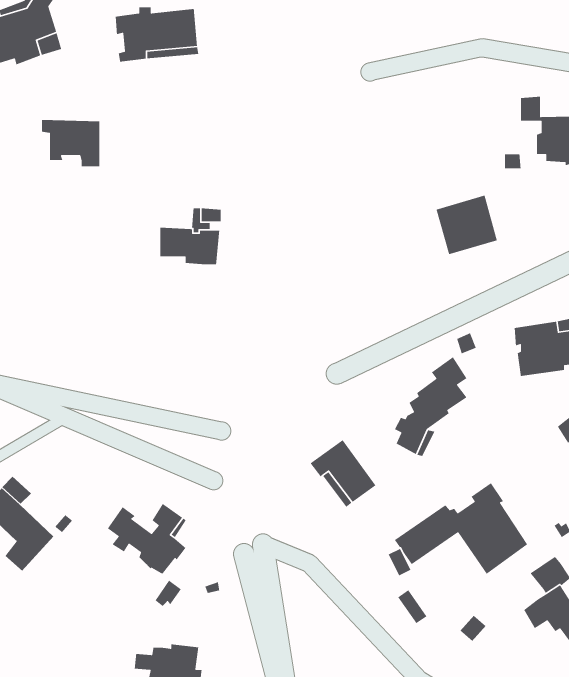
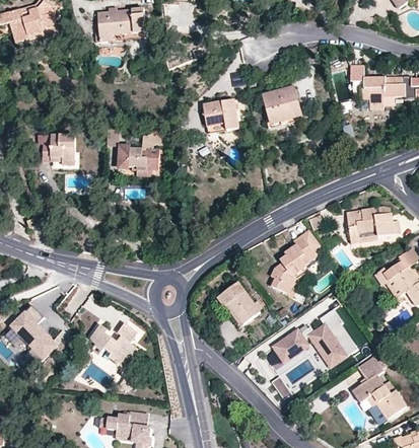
building: [41,119,100,167] -> [38,134,75,164]
building: none -> [204,98,239,130]
building: [436,195,498,255] -> [263,85,302,124]

